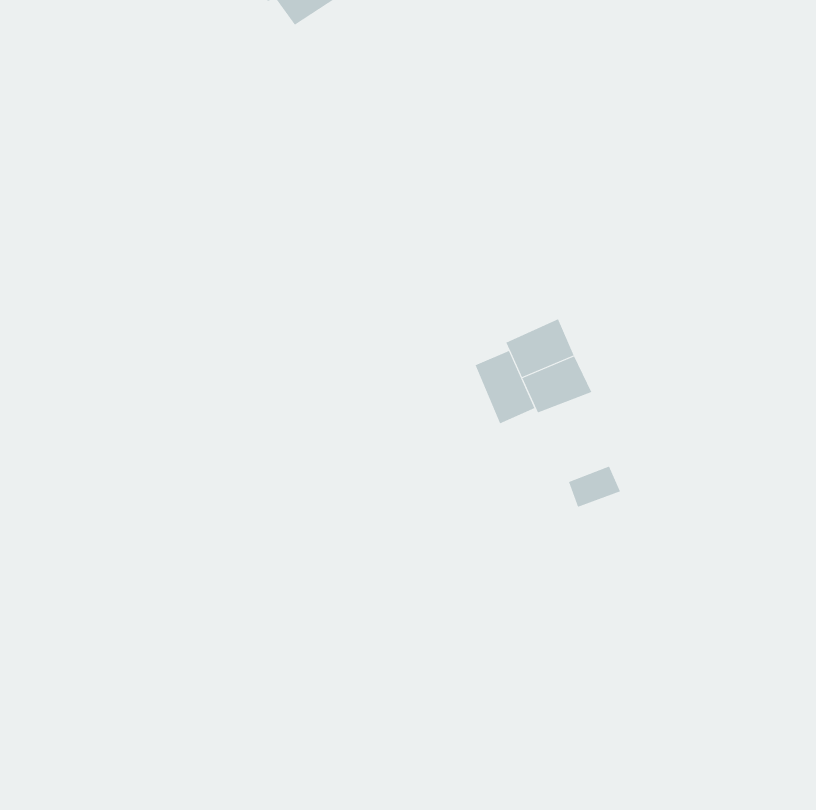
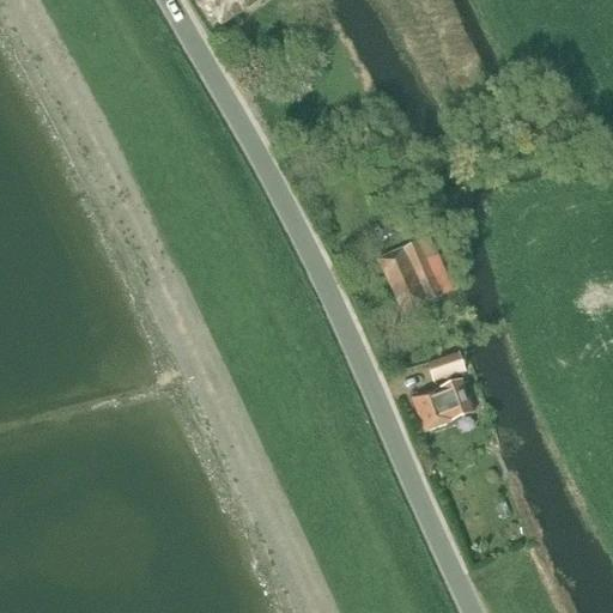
building: [475,350,535,424] -> none
building: none -> [413,377,474,427]

